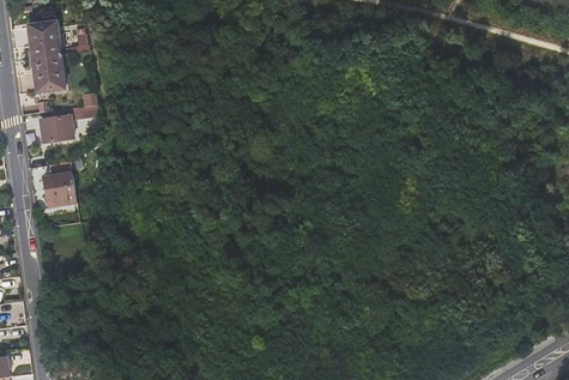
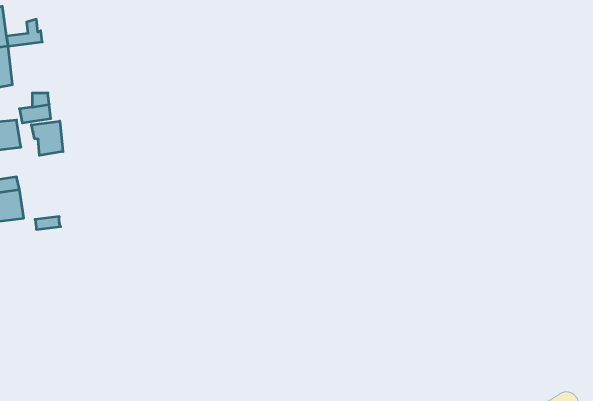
building: none -> [31,121,63,155]

